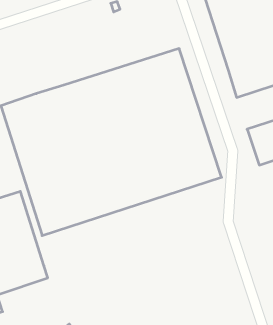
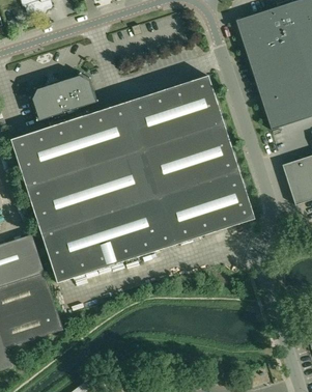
building: none -> [28,72,97,125]

